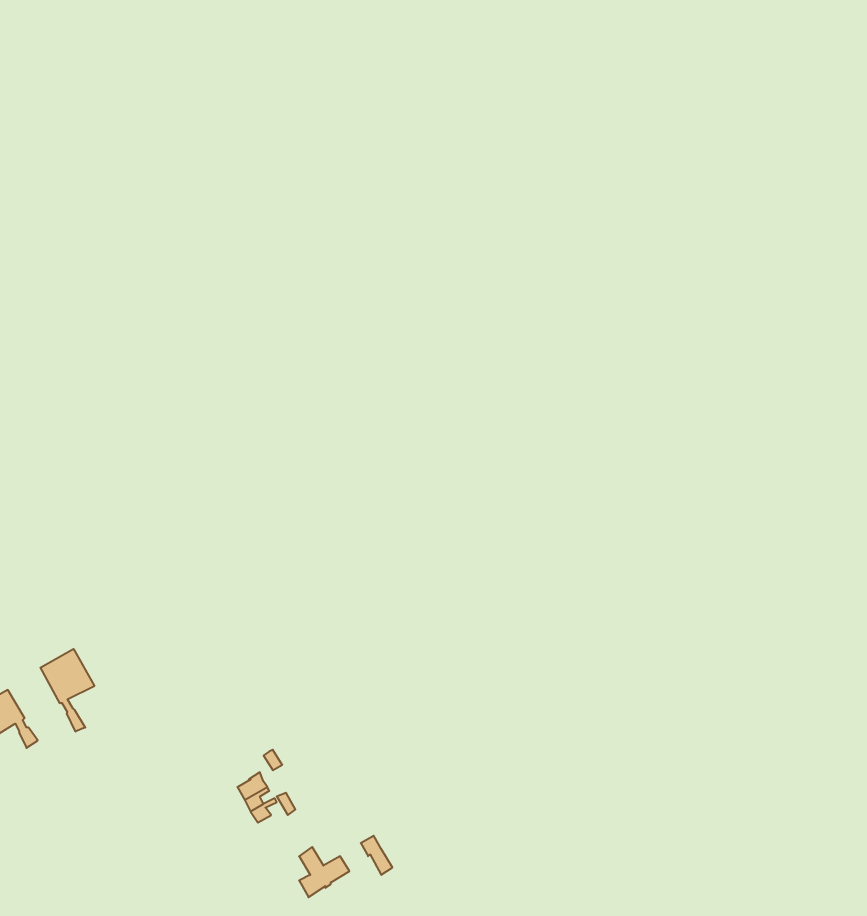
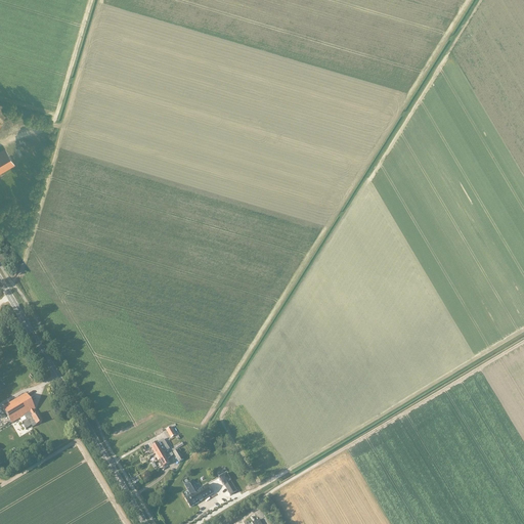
building: [40,649,94,732] -> none

